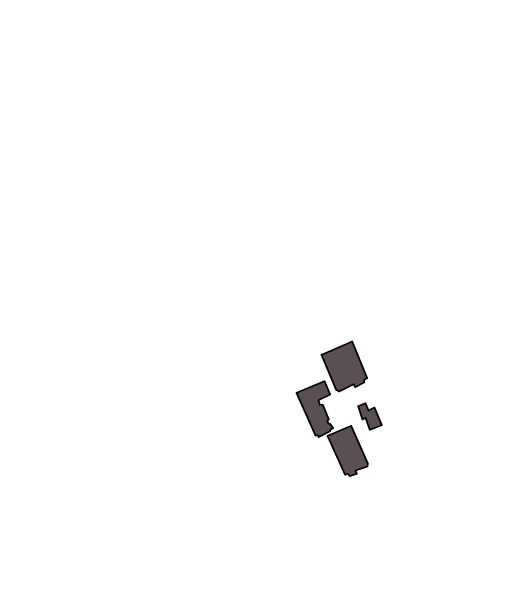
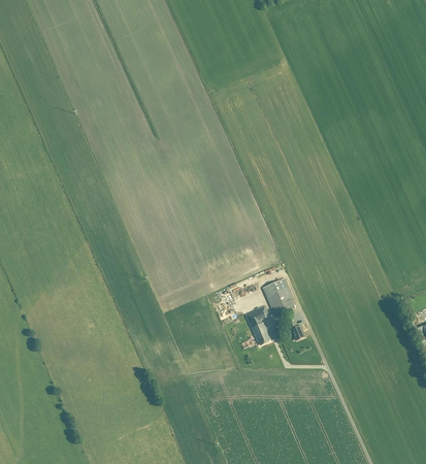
building: [328,426,368,476] -> none

